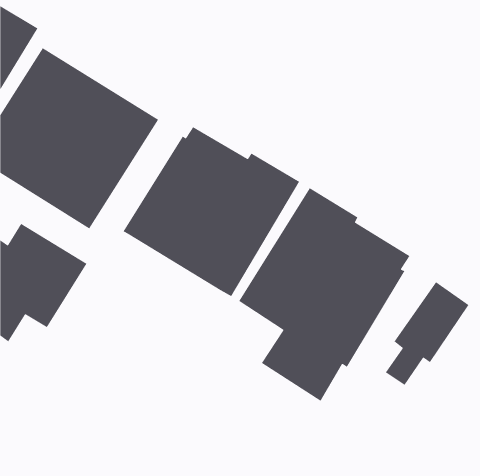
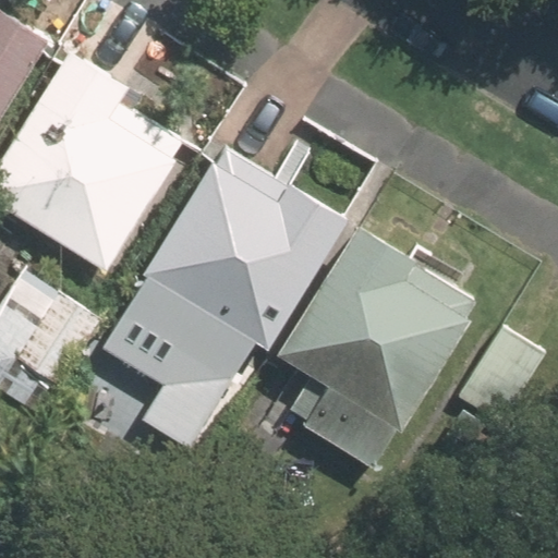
building: none -> [102,278,255,450]

